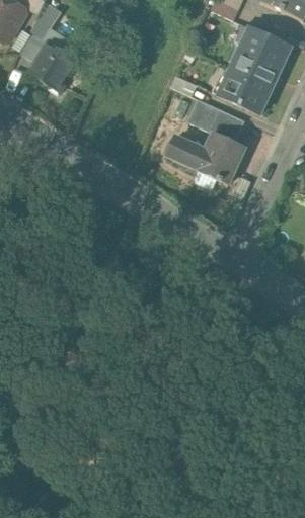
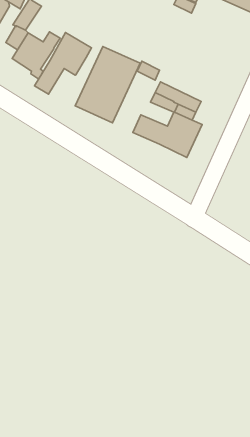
building: [217,26,291,113] -> [75,46,140,123]
building: none -> [35,33,92,94]

